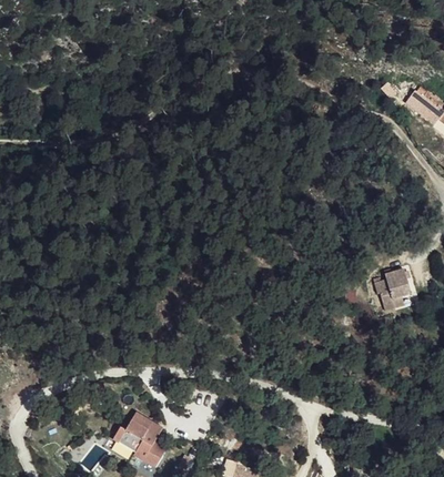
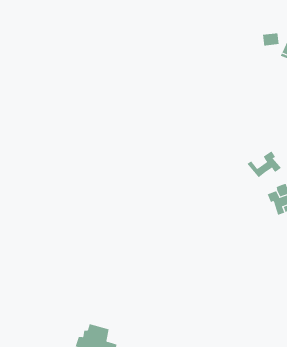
building: none -> [246,150,282,178]

